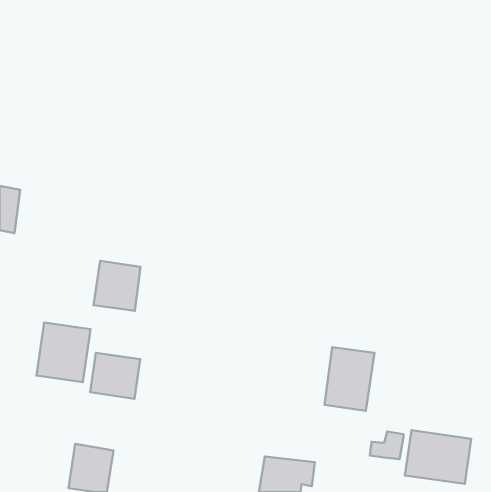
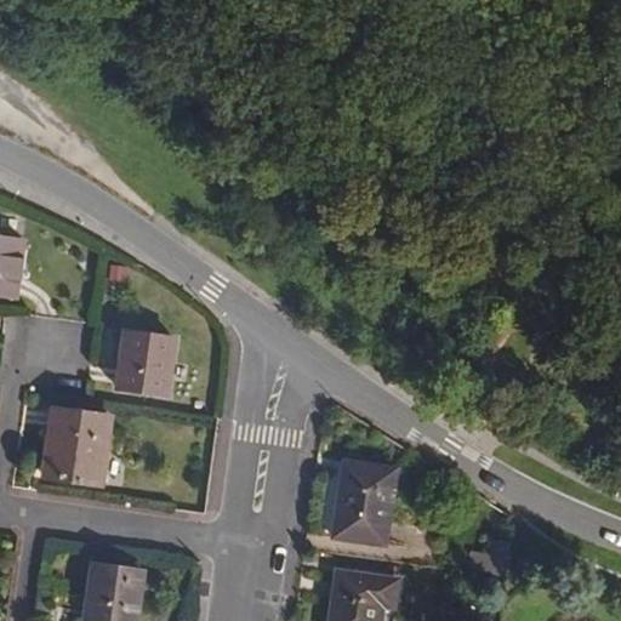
building: [324,347,375,411] -> [329,467,392,547]
building: [90,353,140,399] -> none
building: [405,430,471,484] -> none

